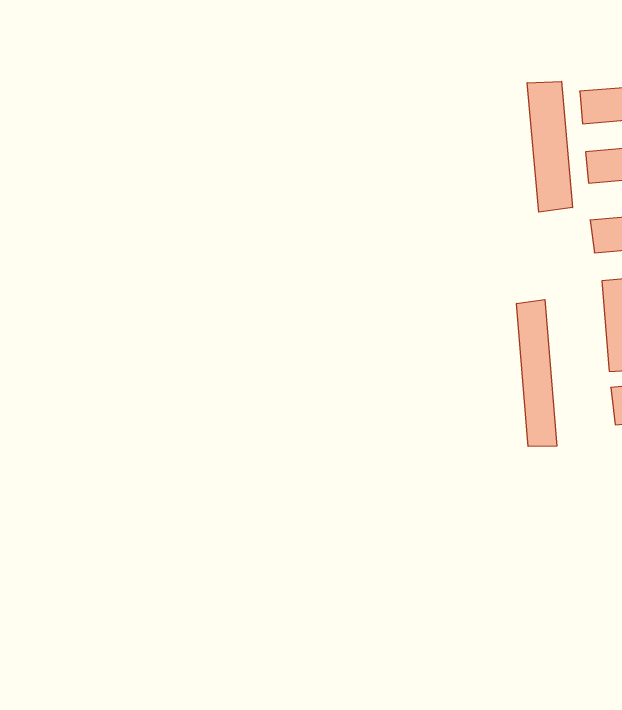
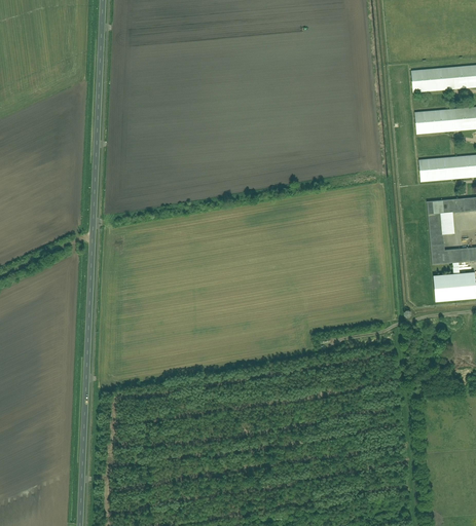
building: [527,81,572,212] -> none
building: [517,300,557,446] -> none

